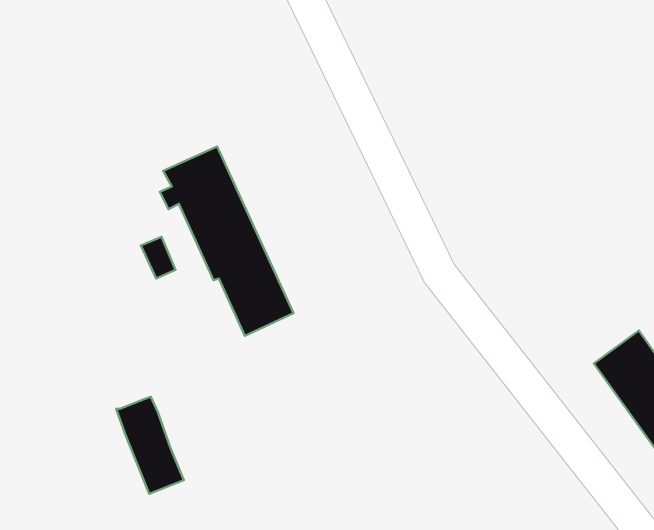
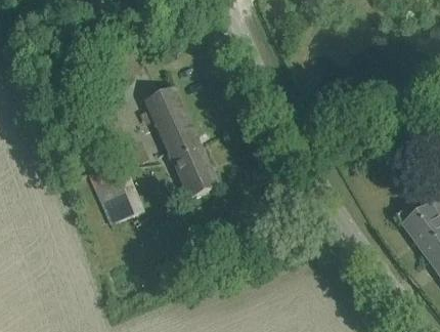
building: [116,397,184,494] -> [95,163,135,220]

